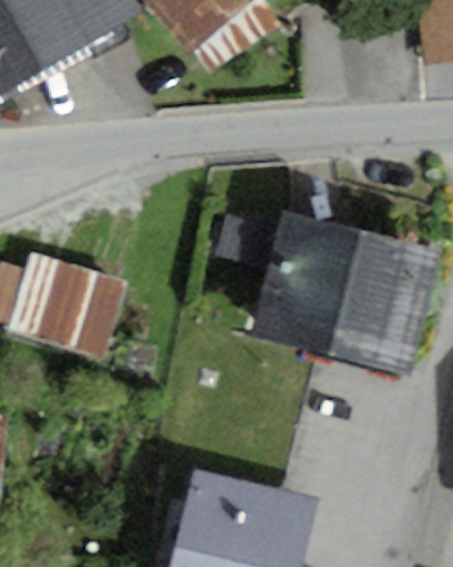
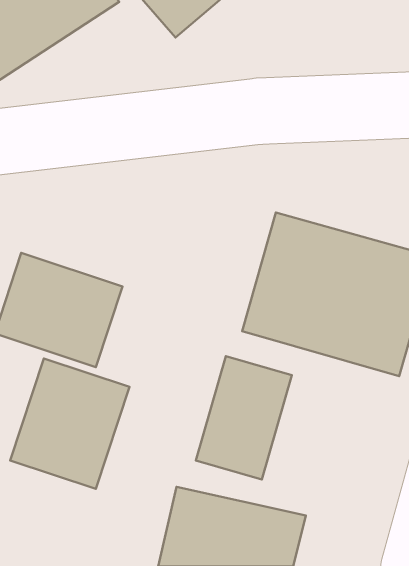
building: none -> [196,356,292,480]
building: none -> [10,358,130,489]

